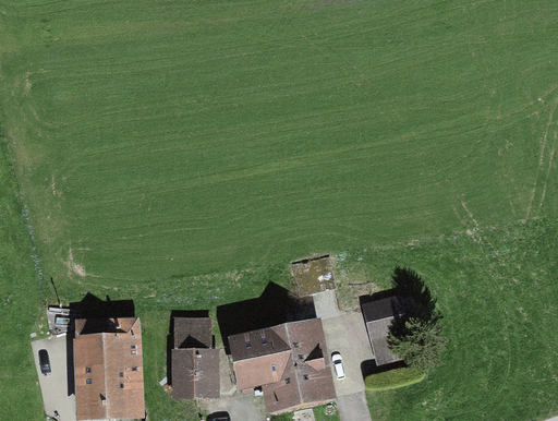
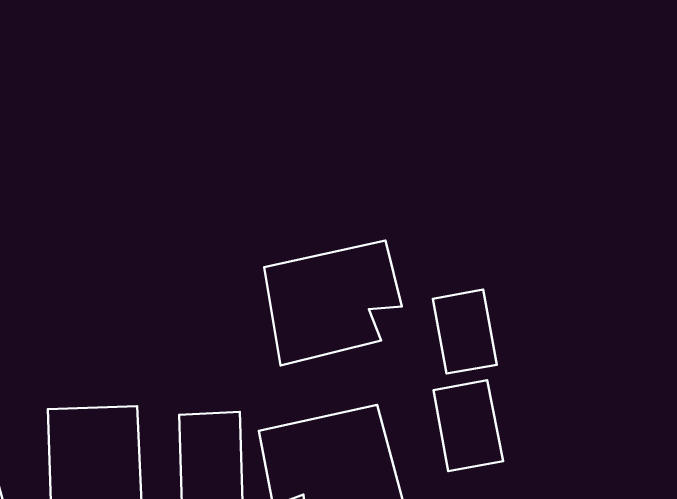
building: none -> [264,241,402,365]
building: none -> [433,289,497,373]

